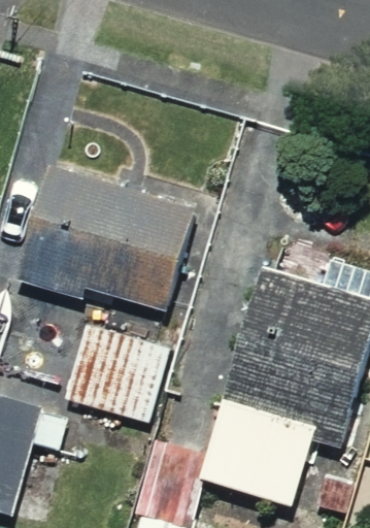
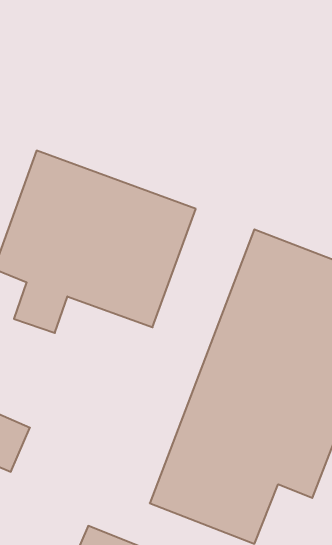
building: [58,336,164,433] -> none

